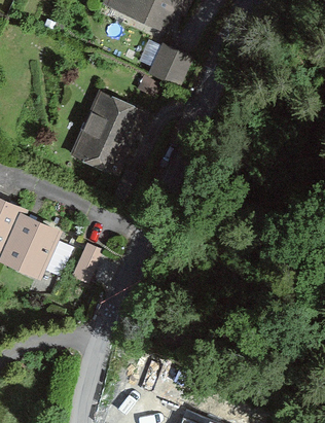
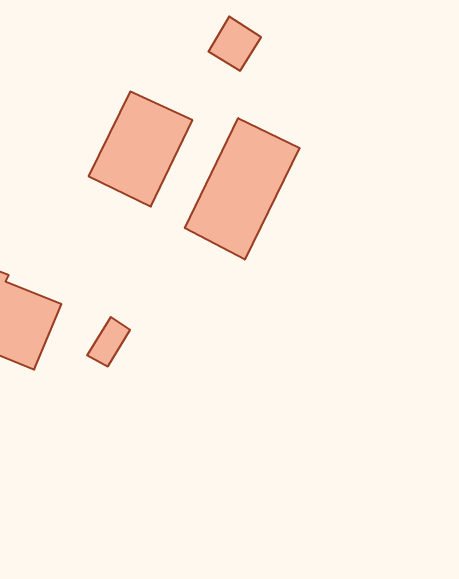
building: none -> [185,118,300,260]

